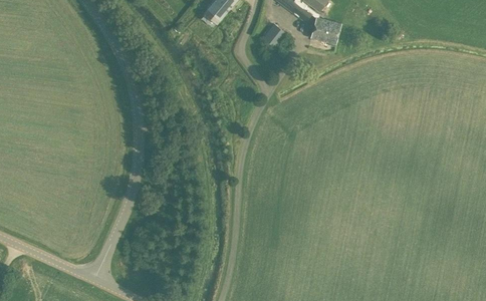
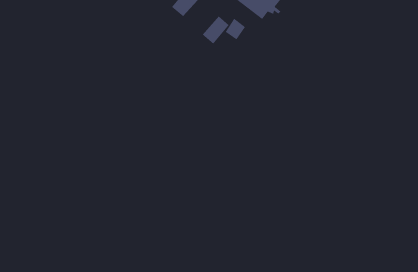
building: [308,16,340,44] -> none
building: none -> [202,16,229,45]

